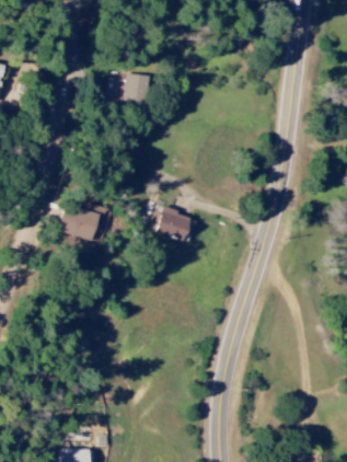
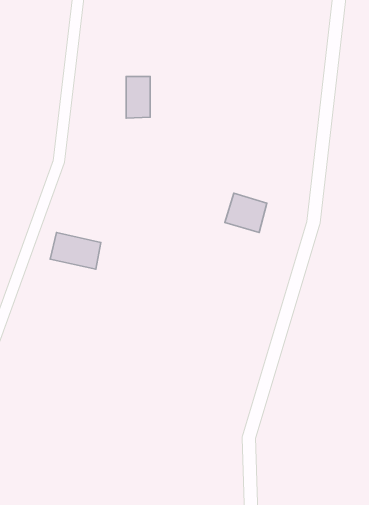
building: [154,208,190,242] -> [225,193,267,232]

